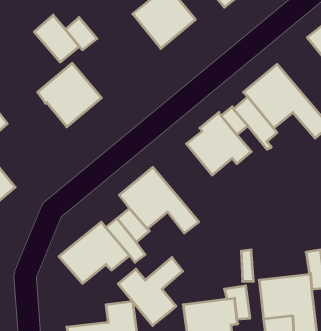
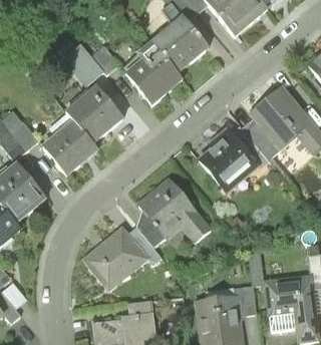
building: none -> [124,42,182,105]
building: none -> [43,121,96,175]
building: [118,257,183,326] -> none

